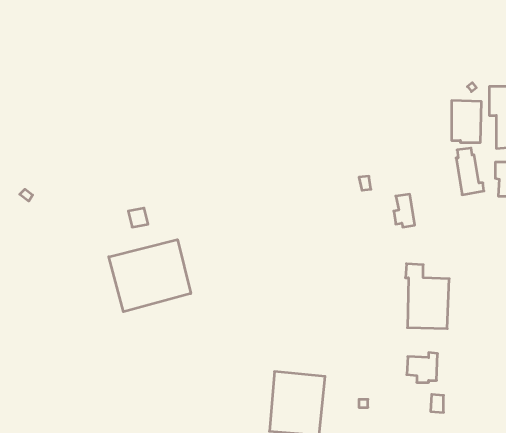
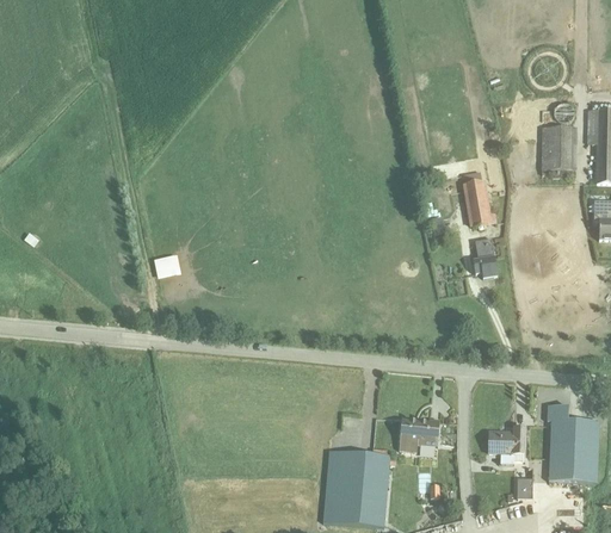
building: [456,148,484,195] -> [463,171,496,227]
building: [109,240,191,312] -> none
building: [405,264,449,329] -> [547,404,599,482]
building: none -> [399,419,440,451]

